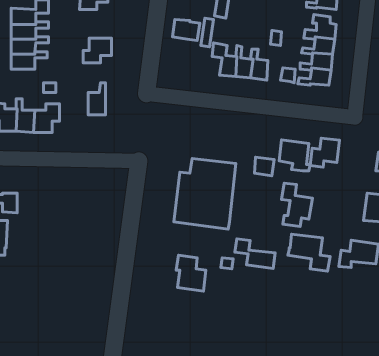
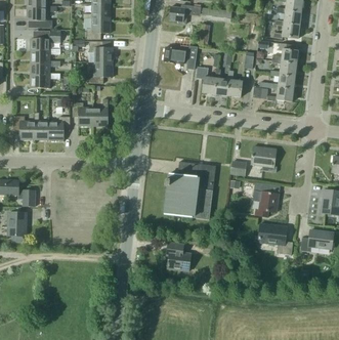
building: none -> [89,40,113,61]
building: none -> [72,101,93,125]
building: [310,138,339,167] -> none
building: [235,239,275,269] -> none

